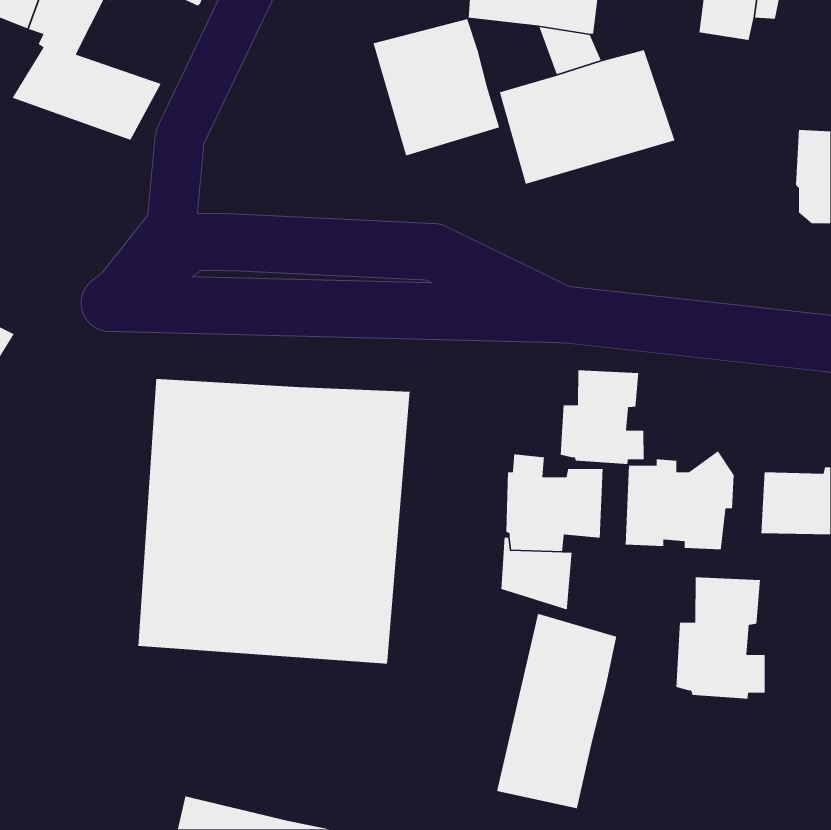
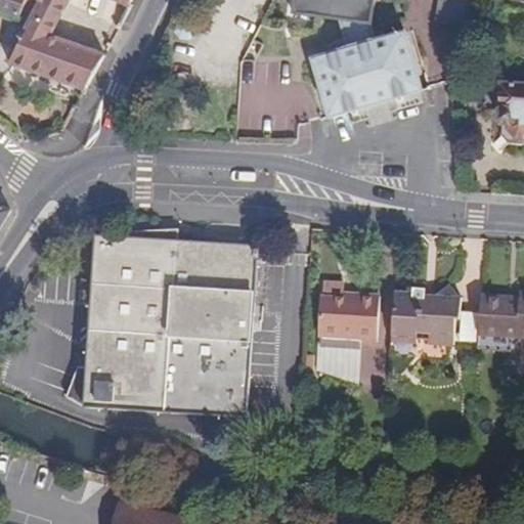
building: [372,18,500,156] -> none
building: [560,370,644,465] -> none
building: [675,577,766,699] -> none
building: [496,613,617,809] -> none

